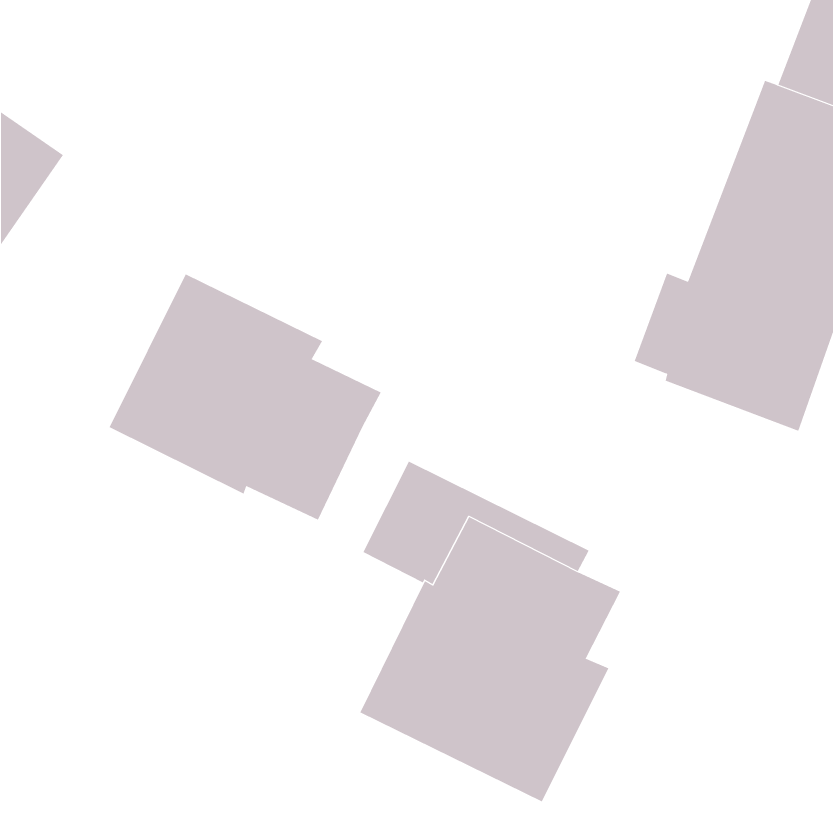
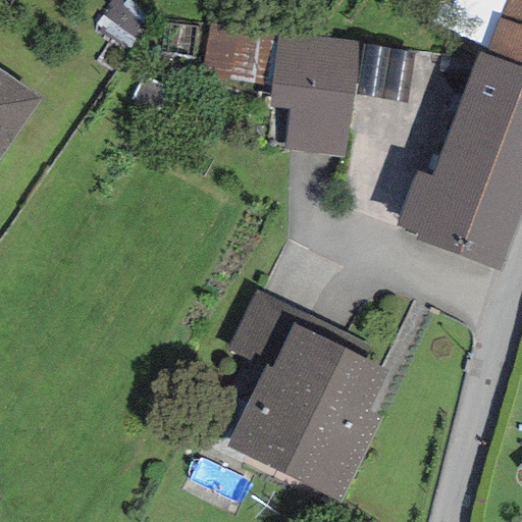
building: none -> [191,19,405,162]
building: [109,273,382,521] -> none

